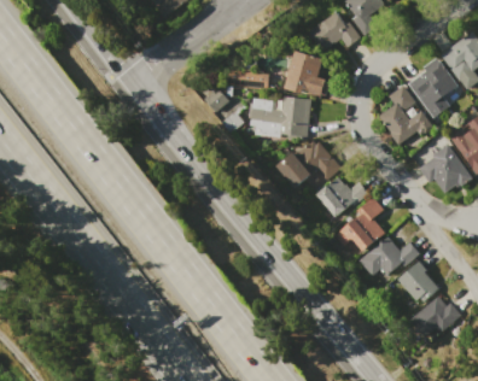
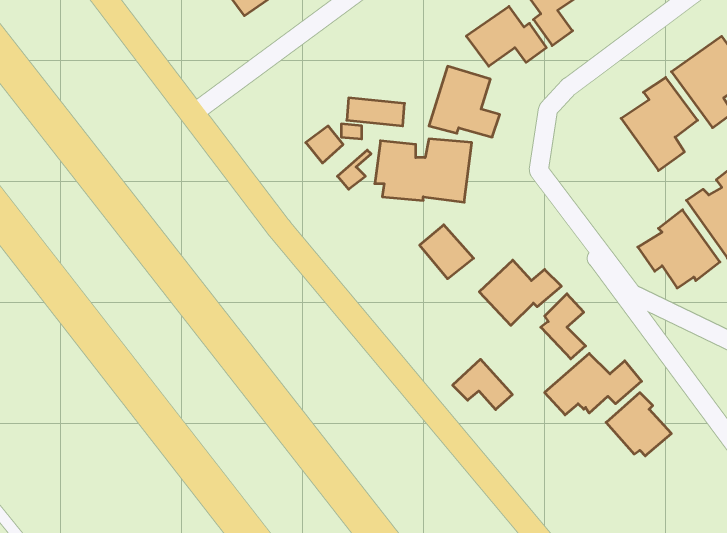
building: [378,84,432,143] -> none
building: [296,140,340,181] -> none
building: [334,218,373,251] -> [453,359,512,410]
building: [409,295,461,338] -> none

